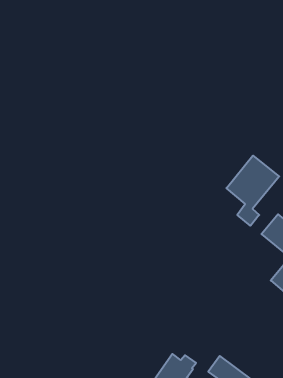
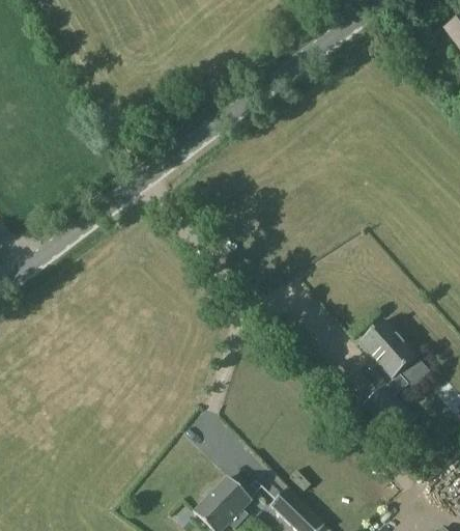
building: [226,156,279,226] -> none

